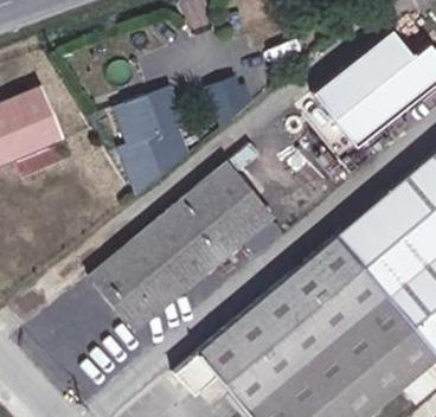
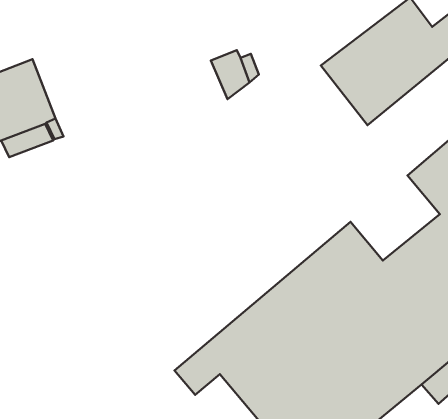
building: [113,84,187,192] -> none
building: [91,162,271,328] -> none
building: [336,193,418,271] -> none

